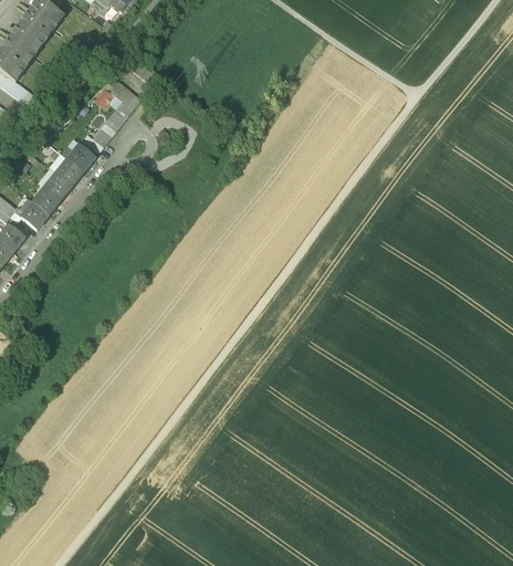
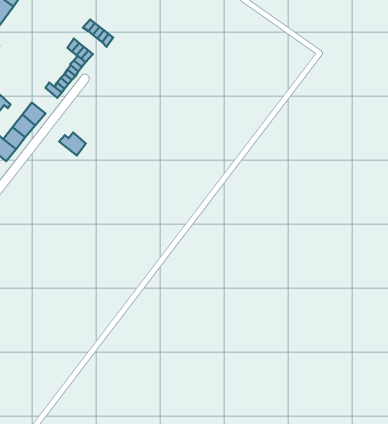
building: [62,144,94,171] -> [59,133,86,155]

